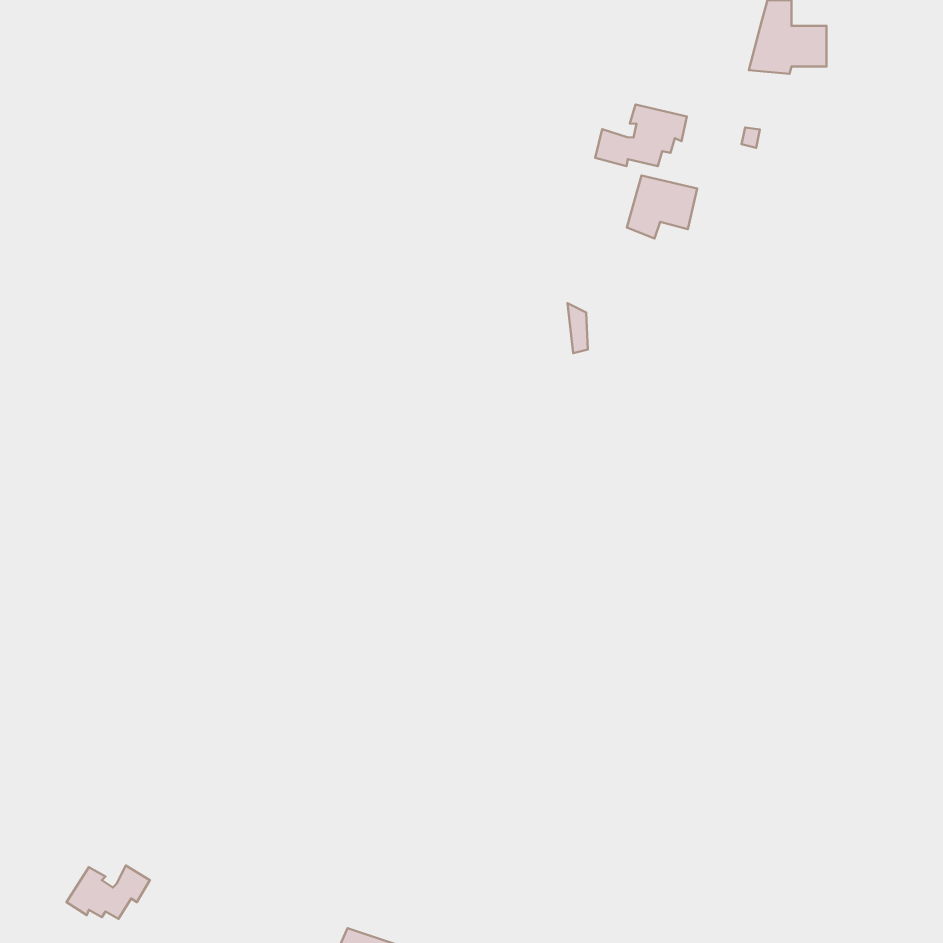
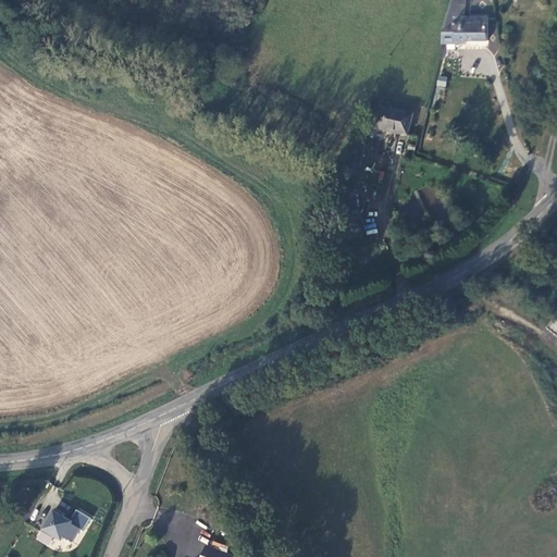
building: [595,105,687,166] -> none

